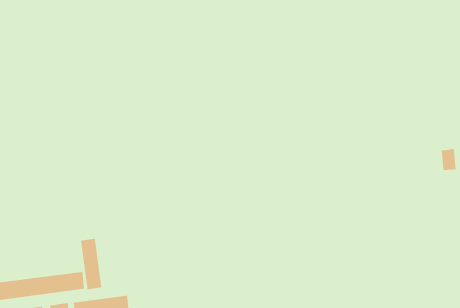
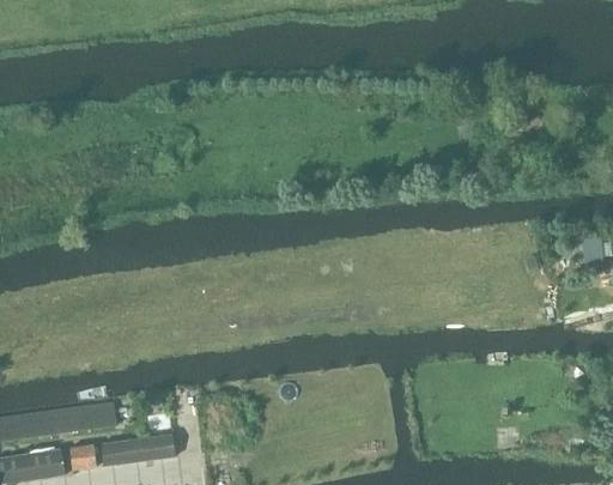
building: [81,238,102,290] -> none

